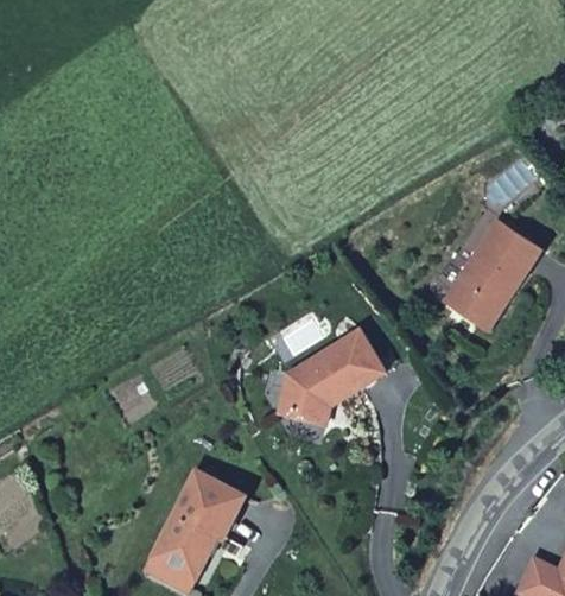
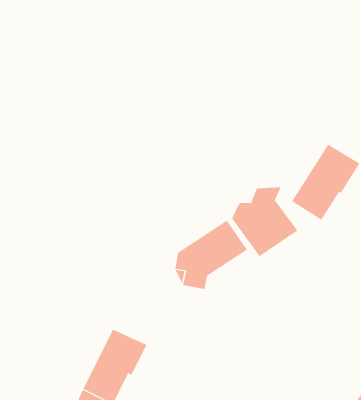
building: none -> [231,187,298,257]

